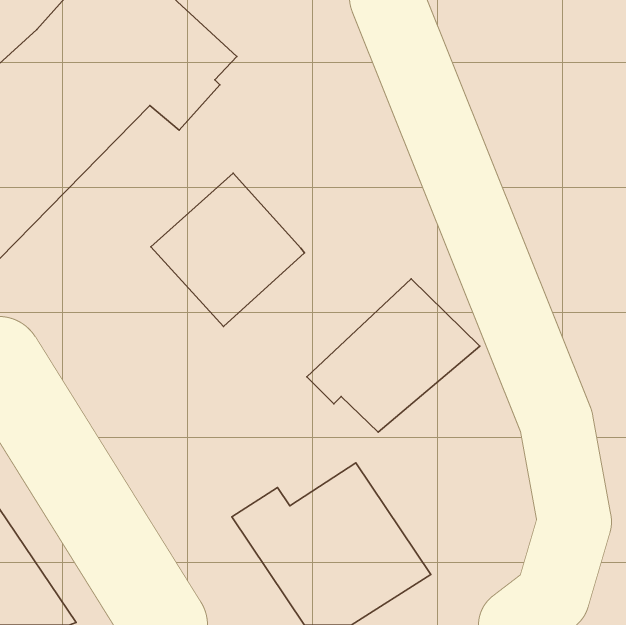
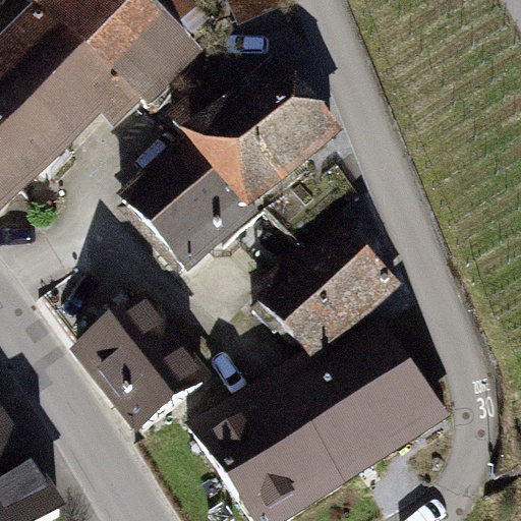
building: none -> [178,71,336,206]
building: none -> [81,304,208,432]
building: none -> [295,325,447,476]

